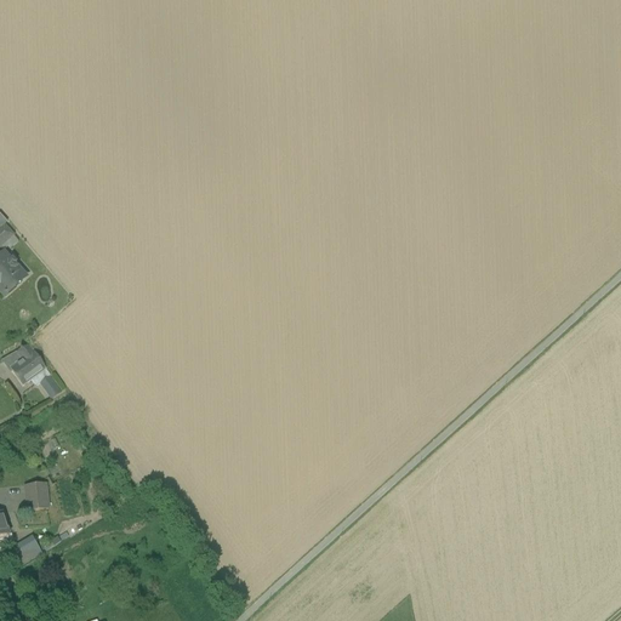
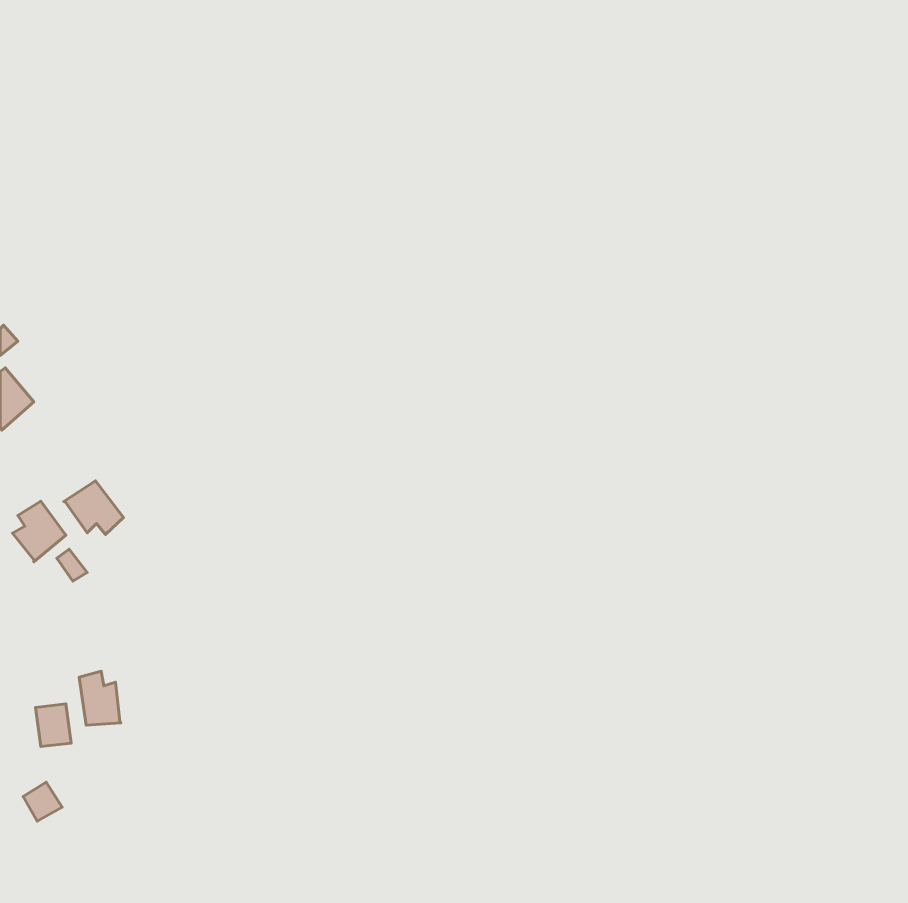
building: none -> [64,481,123,535]
building: none -> [79,671,121,725]

